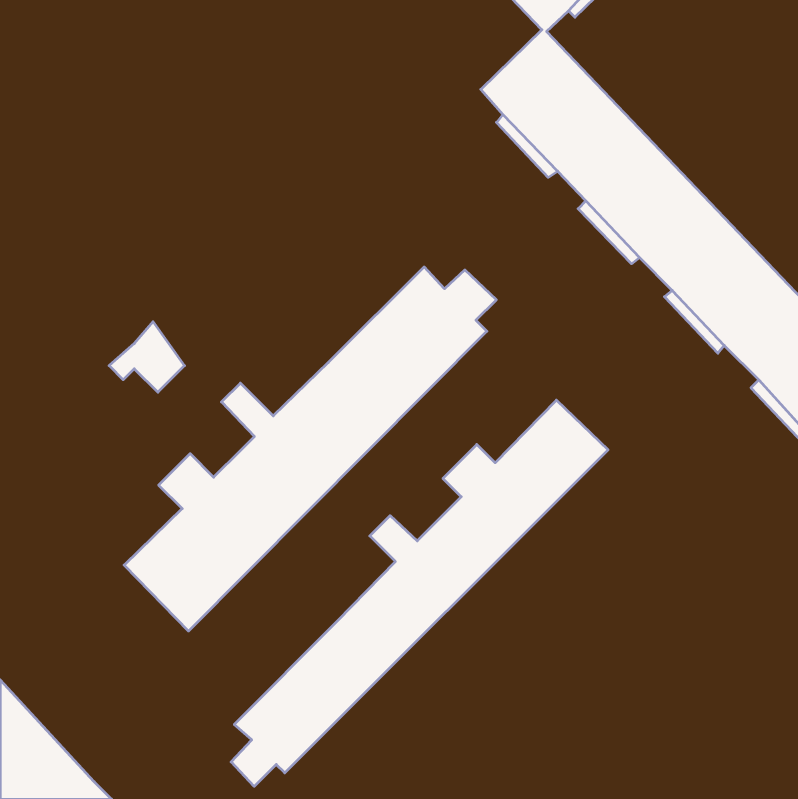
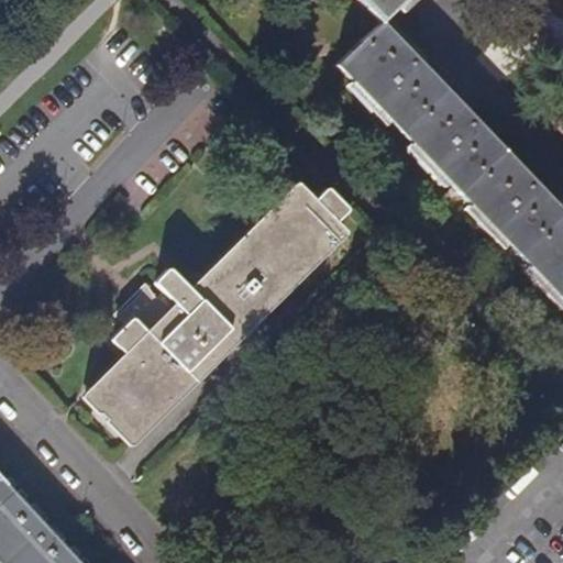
building: [109,322,185,392] -> [119,285,172,334]
building: [231,400,608,786] -> none

